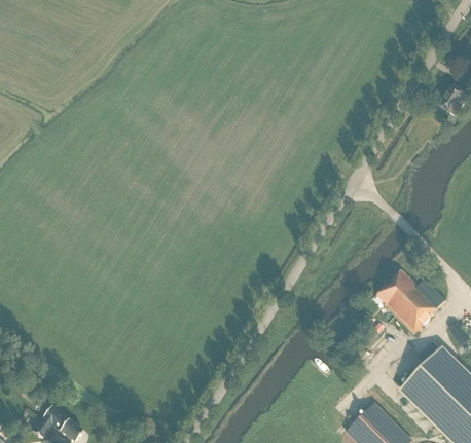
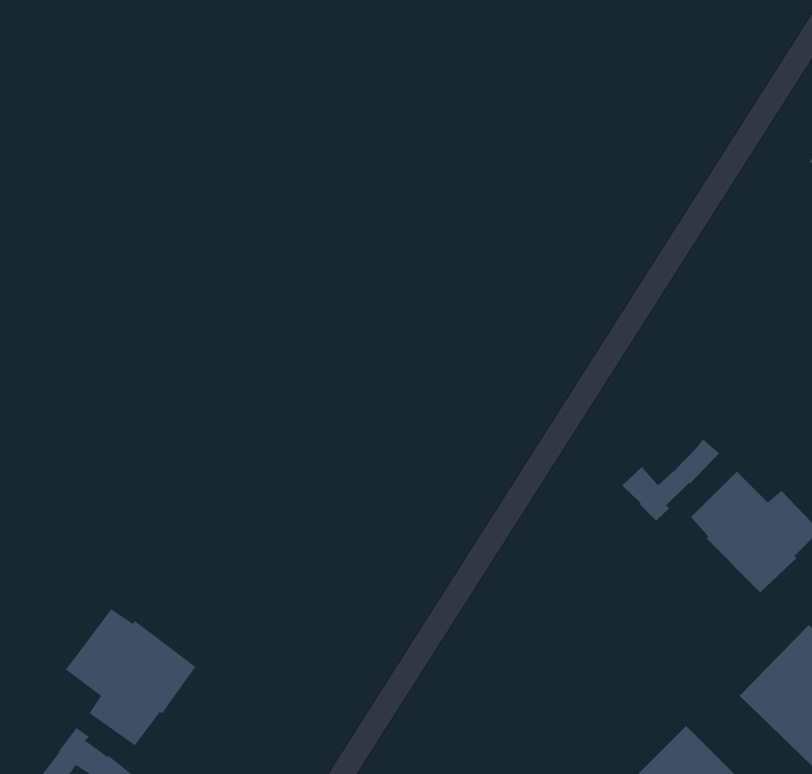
building: none -> [621,439,720,522]
building: none -> [65,609,196,746]

